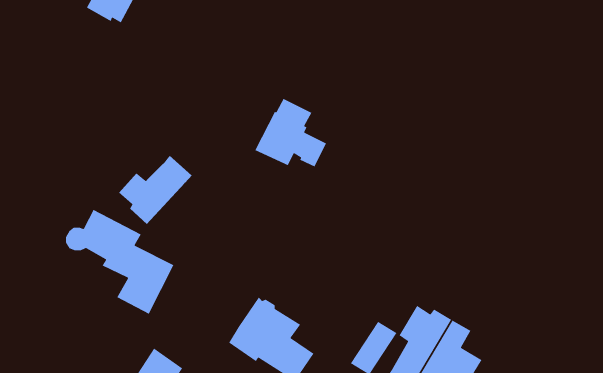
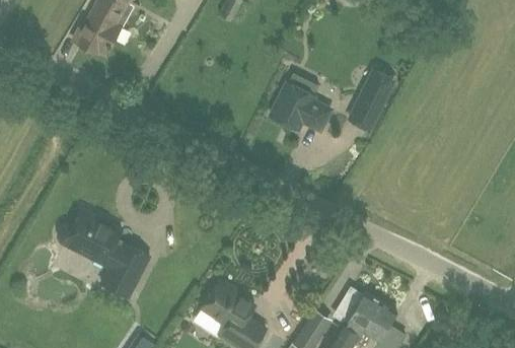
building: none -> [348,72,392,131]
building: [254,98,327,167] -> [269,74,329,132]
building: [118,155,192,225] -> none

